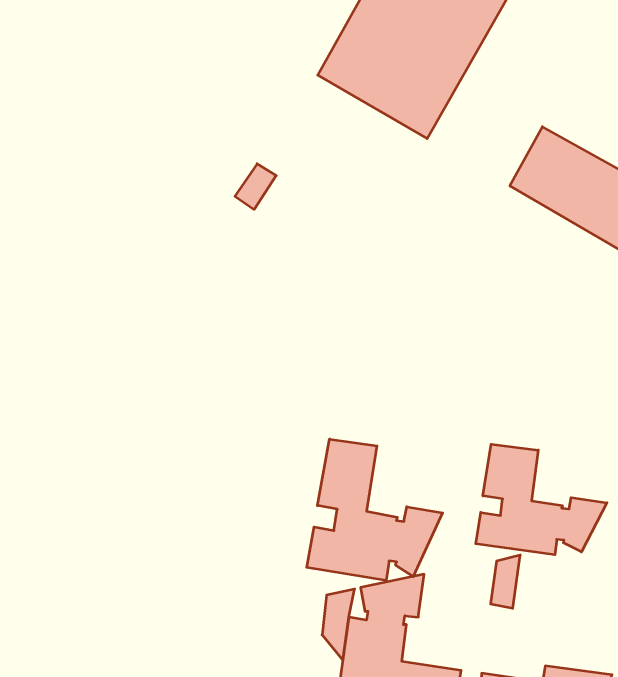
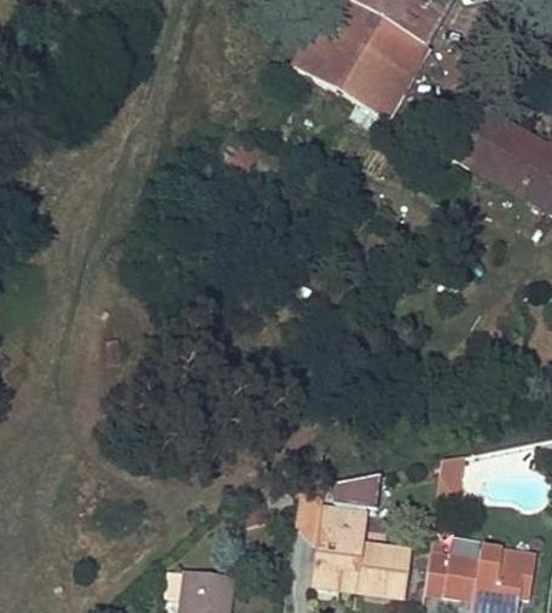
building: [307,439,443,581] -> none
building: [476,444,607,555] -> none

